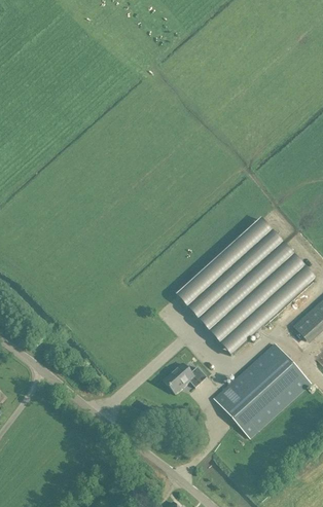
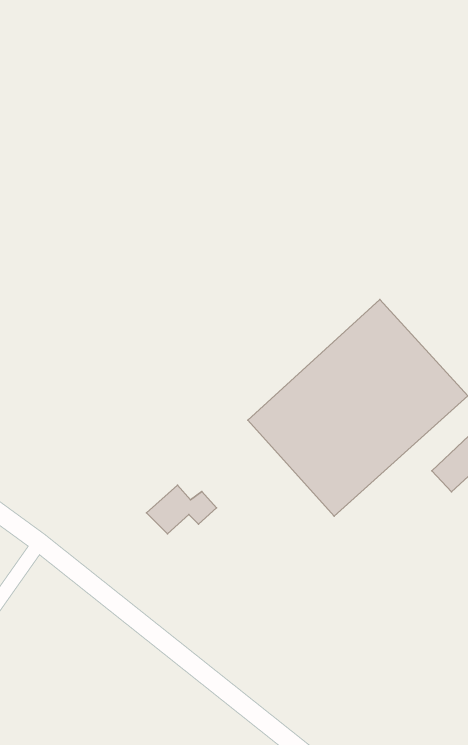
building: [214,342,311,437] -> none
building: [163,362,207,393] -> [146,485,216,534]

